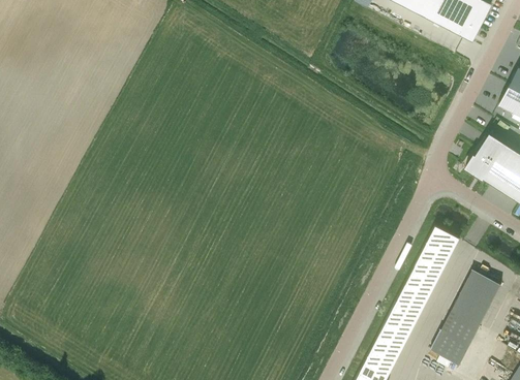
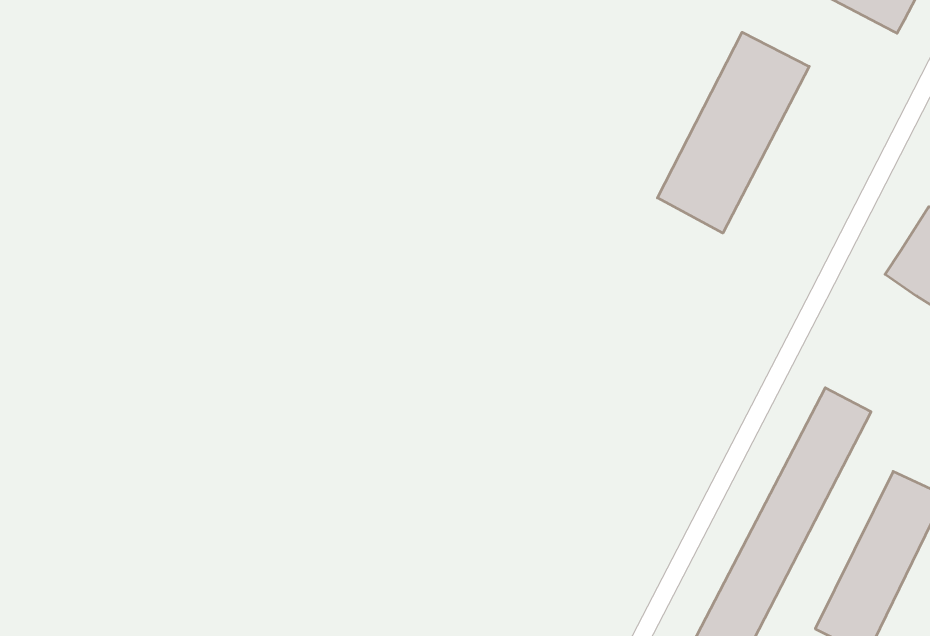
building: none -> [657,32,809,233]

